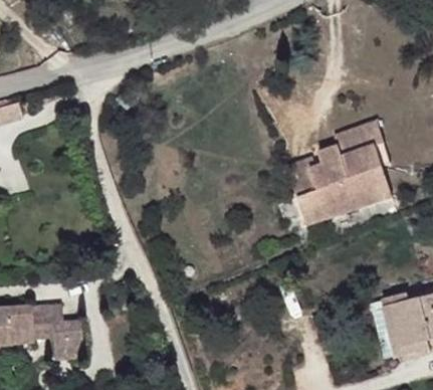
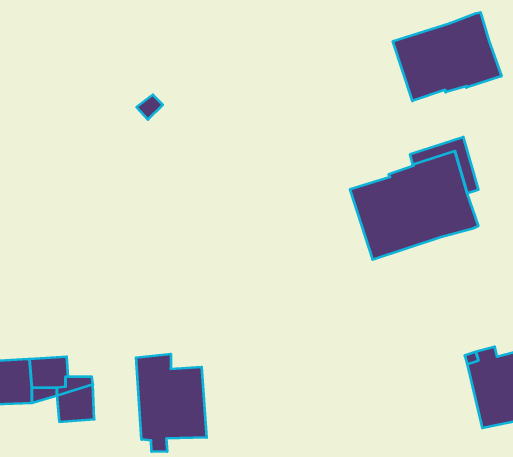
building: none -> [393,12,501,101]
building: none -> [136,354,207,452]

